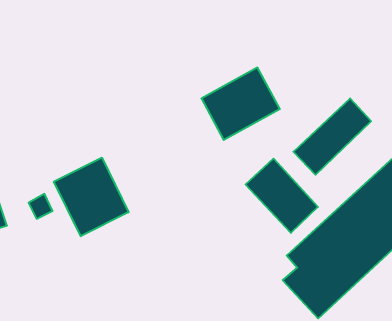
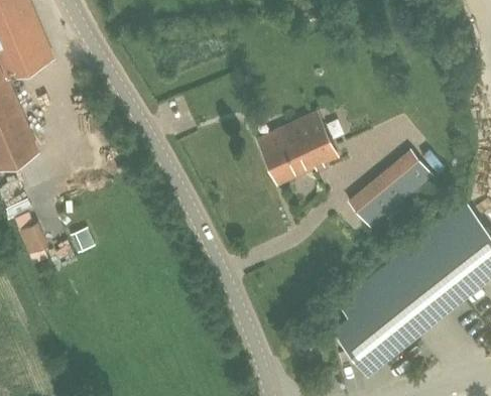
building: [54,158,129,236] -> none
building: [246,159,318,233] -> none

